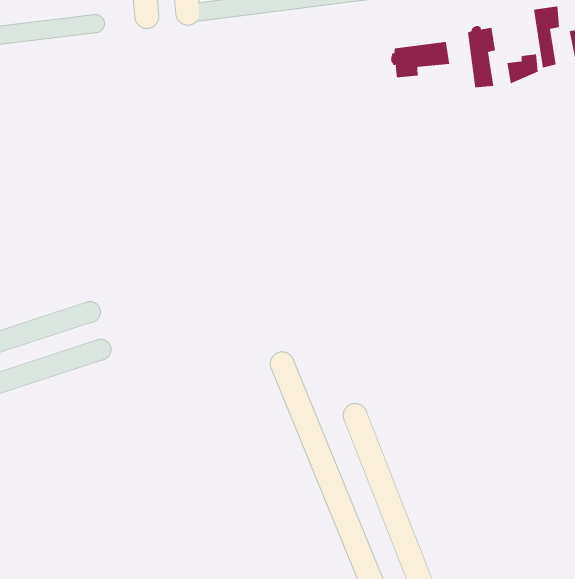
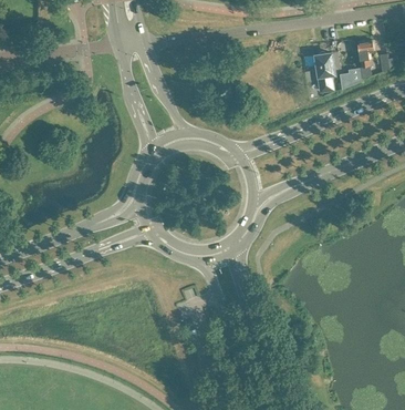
building: [391,41,450,78] -> none

